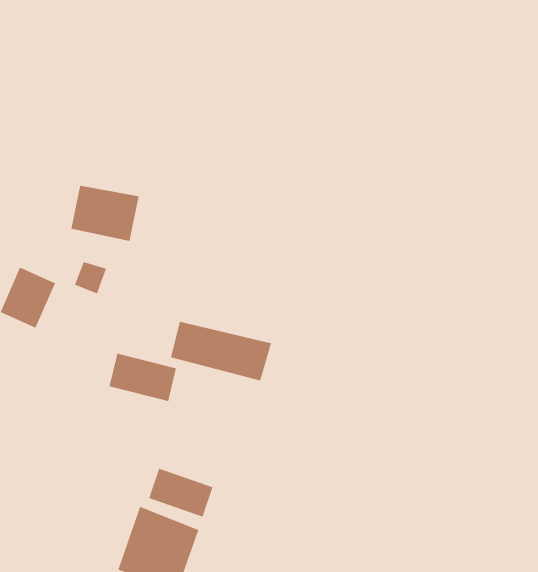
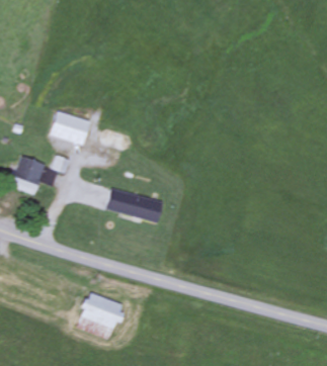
building: [109,353,177,402] -> none
building: [148,468,213,518] -> none

